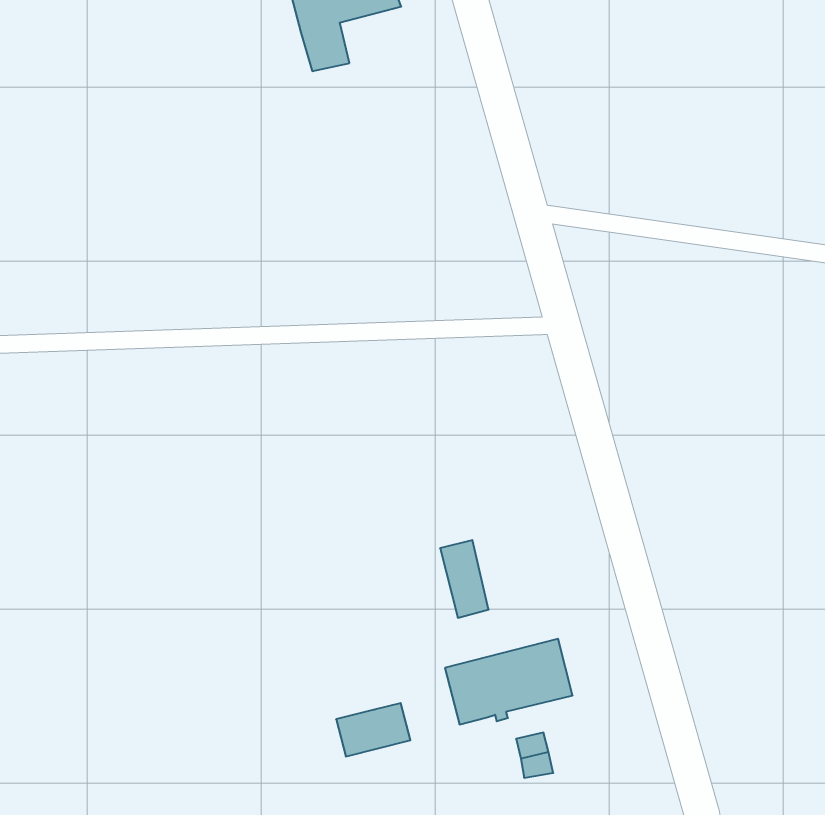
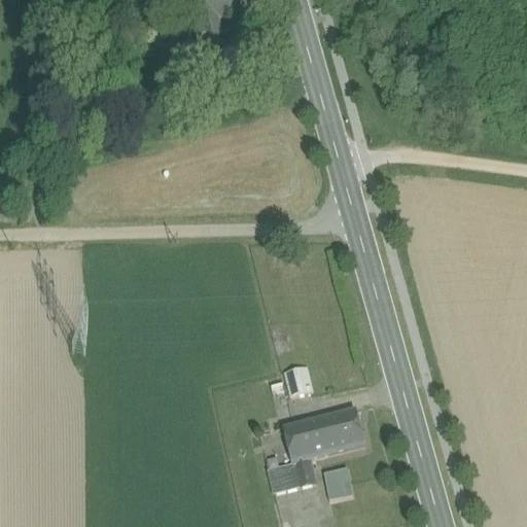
building: [336,703,410,756] -> [268,457,315,491]

